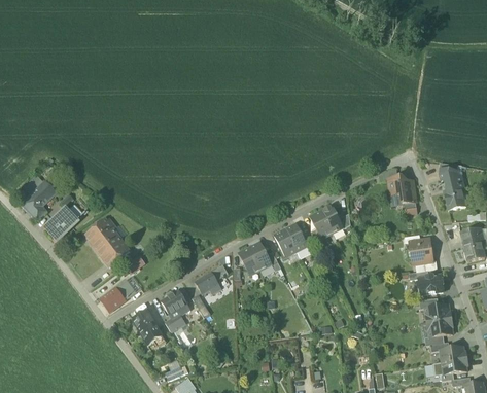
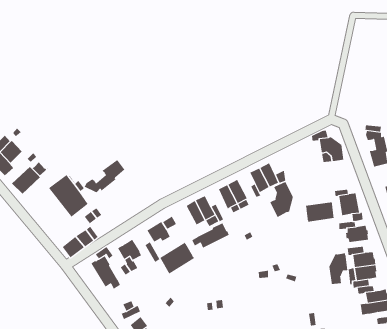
building: none -> [84,159,125,193]
building: none -> [269,181,294,218]
building: none -> [306,201,334,223]
building: none -> [192,222,229,248]
building: none -> [159,242,195,274]
building: none -> [329,252,348,285]

